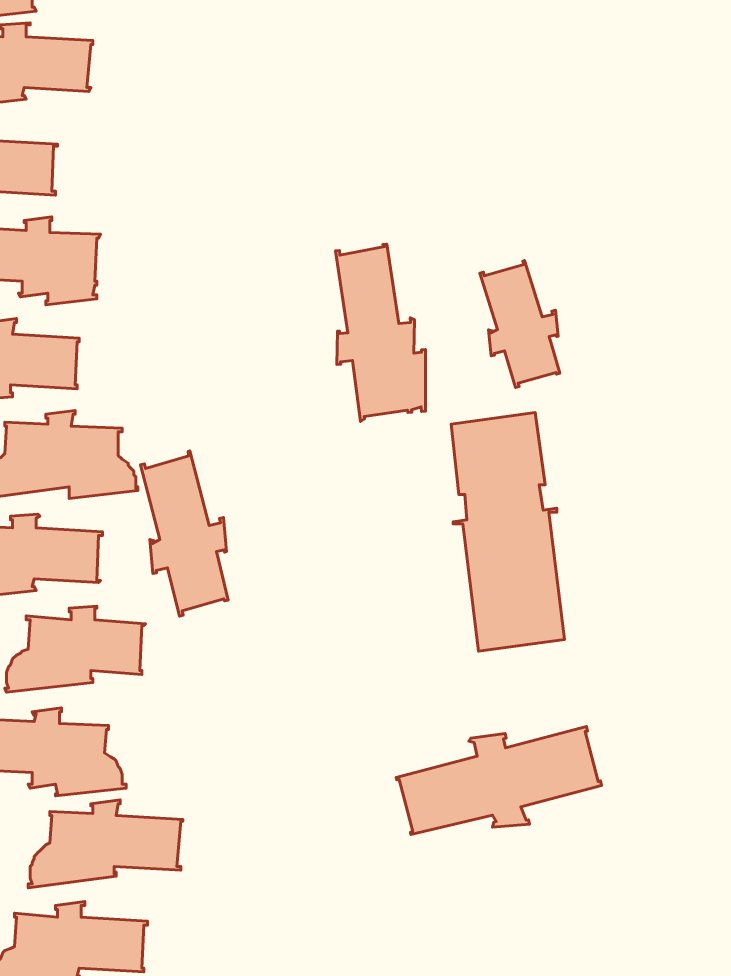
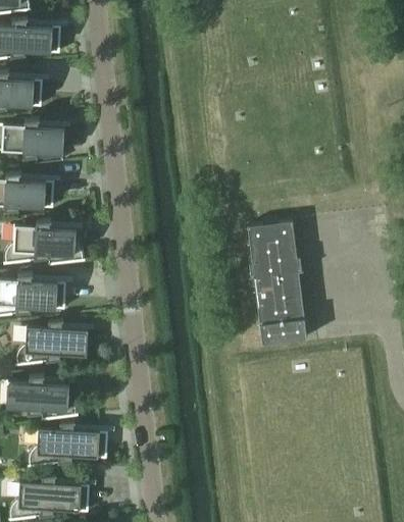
building: [335,244,426,421] -> none
building: [480,261,560,387] -> none
building: [141,451,228,616] -> none
building: [396,726,602,834] -> none

